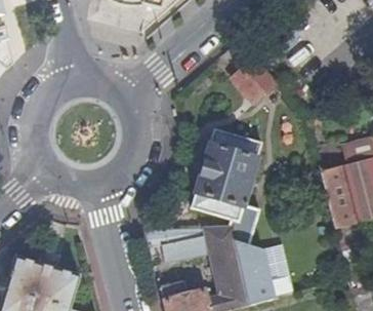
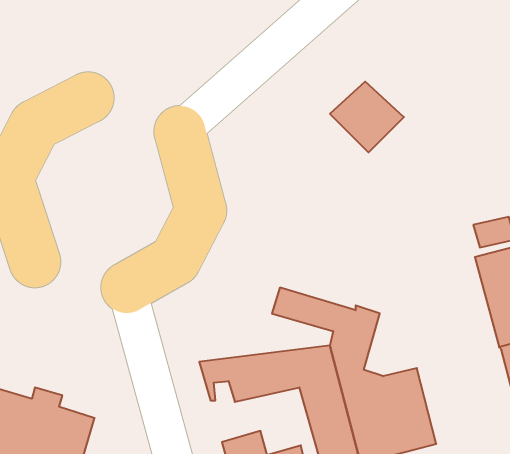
building: [197,127,260,205] -> none

